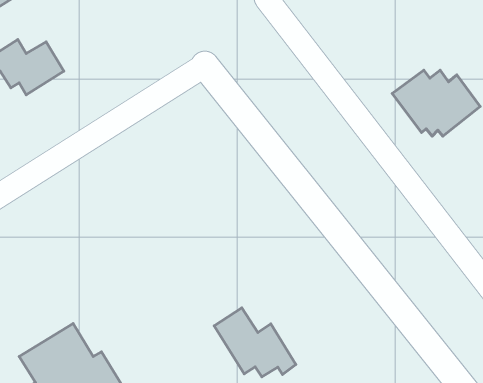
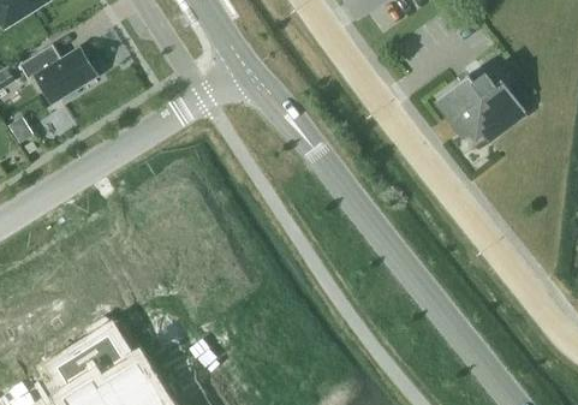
building: [214,308,296,377] -> none

